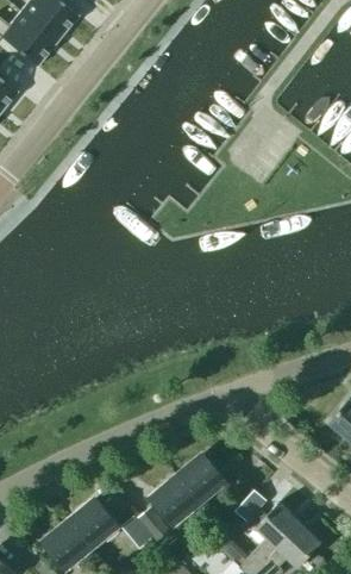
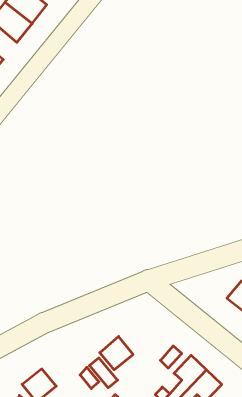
building: [178,455,225,501] -> none
building: [71,499,118,545] -> none

